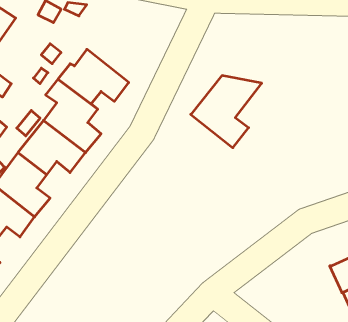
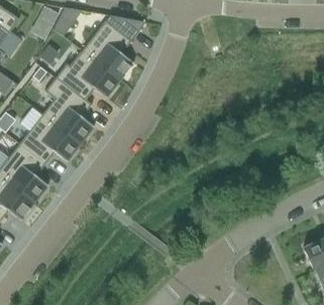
building: [191,76,262,148] -> [82,15,146,81]

